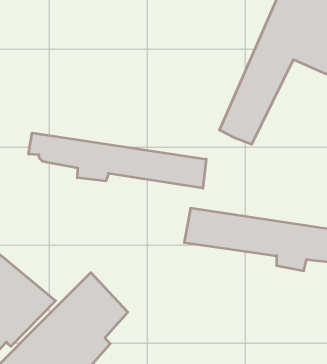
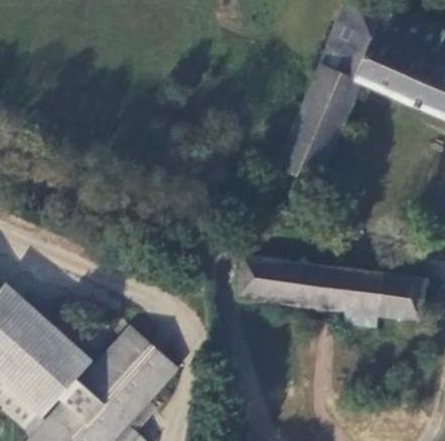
building: [29,133,206,188] -> none

